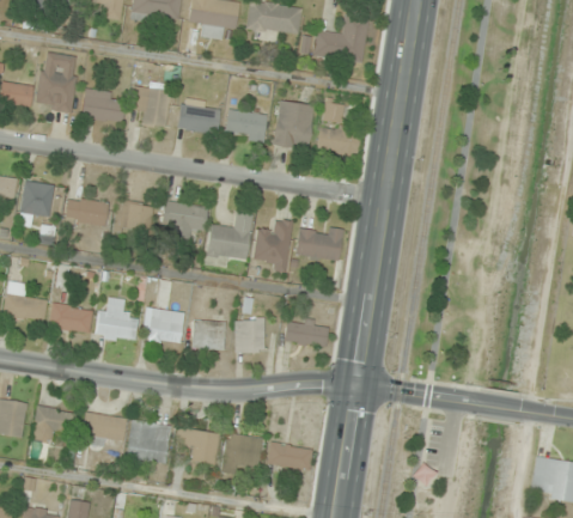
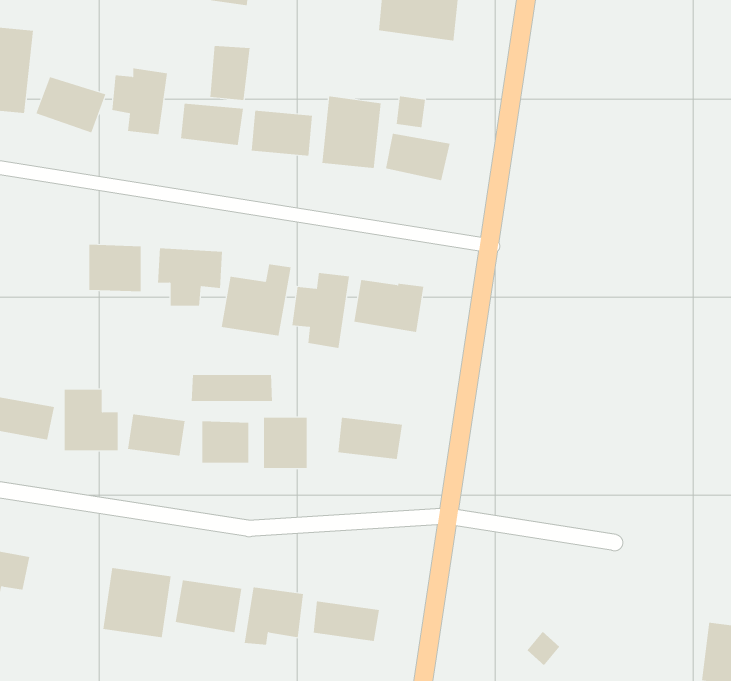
building: none -> [210,45,250,101]
building: [66,196,109,228] -> none
building: none -> [191,374,273,402]
building: [80,412,127,447] -> none

